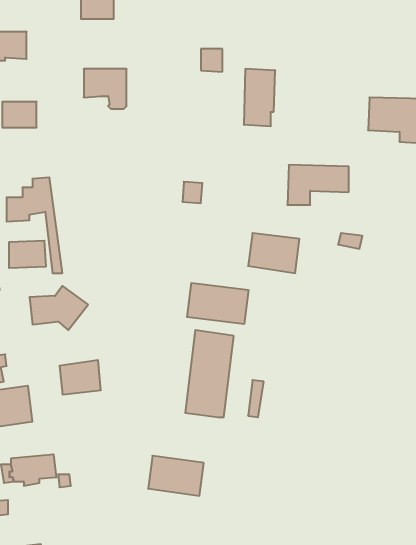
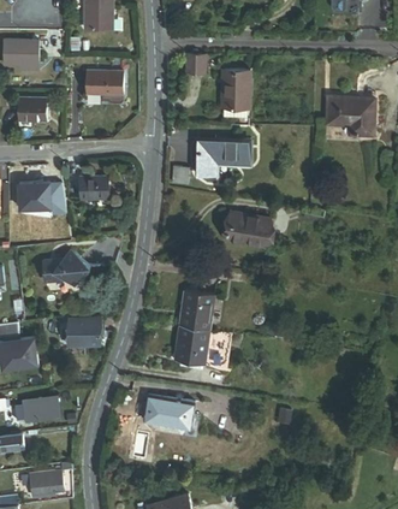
building: [287,165,349,205] -> [194,140,245,173]
building: [9,241,46,268] -> [77,174,108,197]
building: [187,283,248,324] -> none

